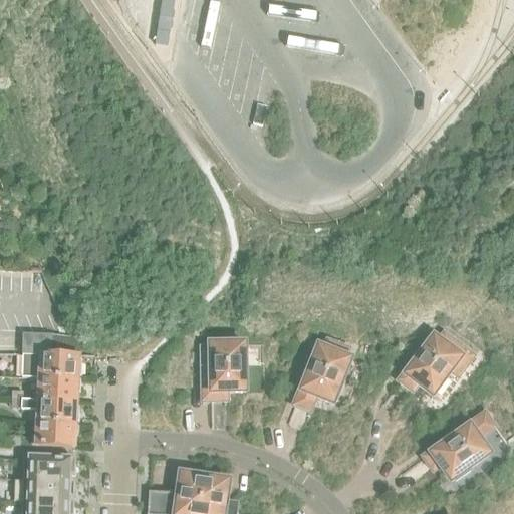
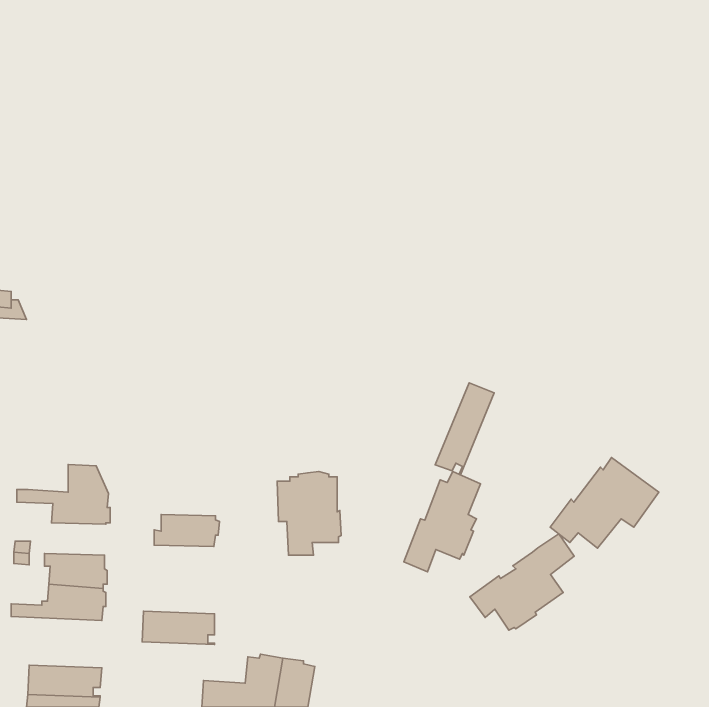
building: none -> [435,383,494,475]
building: [20,332,49,354] -> none
building: [32,376,79,400] -> [154,514,220,546]
building: [421,411,496,480] -> [470,534,574,630]
building: [21,457,73,481] -> [142,611,215,645]

